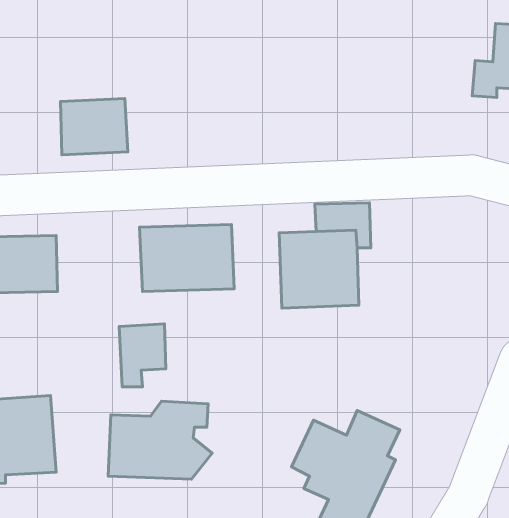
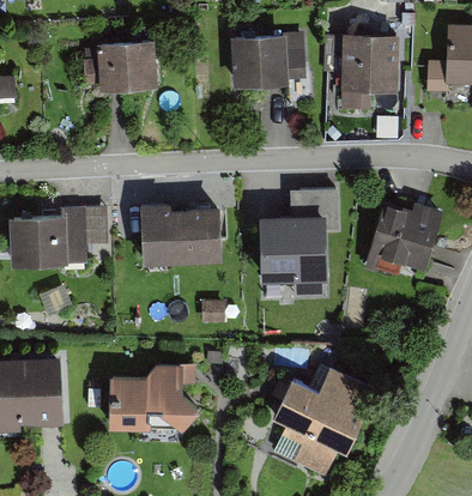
building: none -> [230,36,311,89]
building: none -> [341,36,400,110]
building: [61,99,128,155] -> [99,38,158,87]
building: none -> [370,202,446,282]
building: [119,324,166,387] -> [67,207,108,262]

